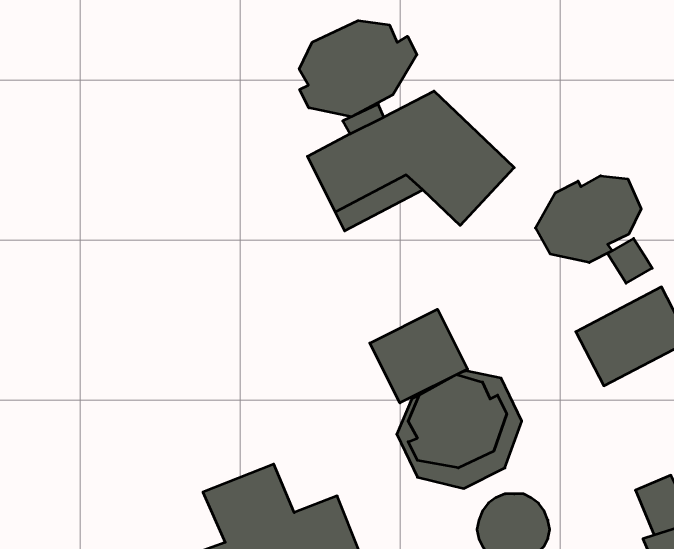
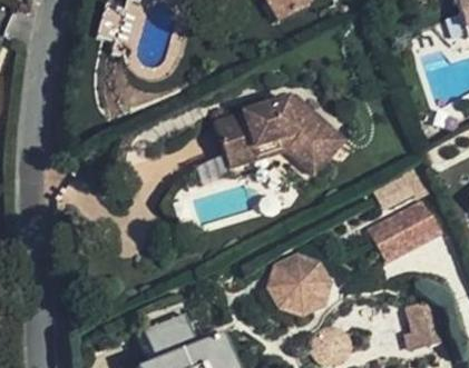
building: [299,21,417,117] -> none
building: [535,176,641,263] -> none
building: [370,309,468,403] -> none

